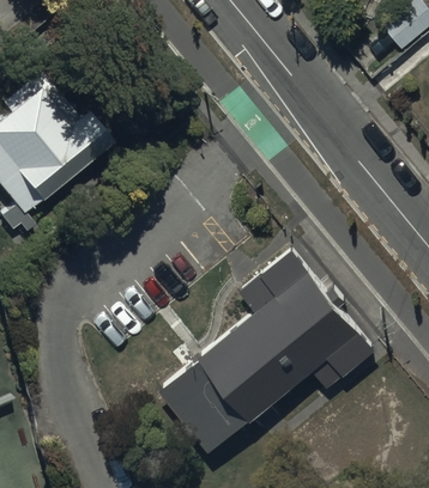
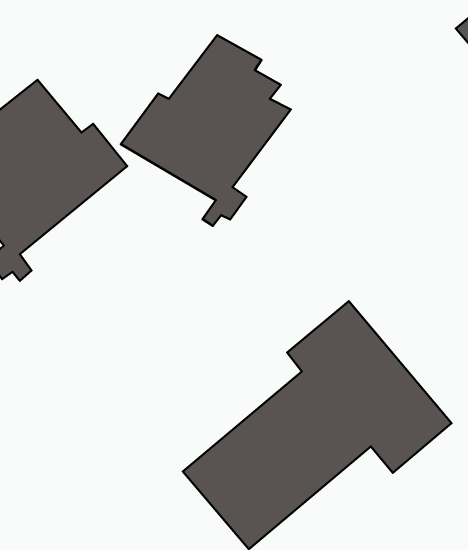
building: none -> [121,35,291,226]

